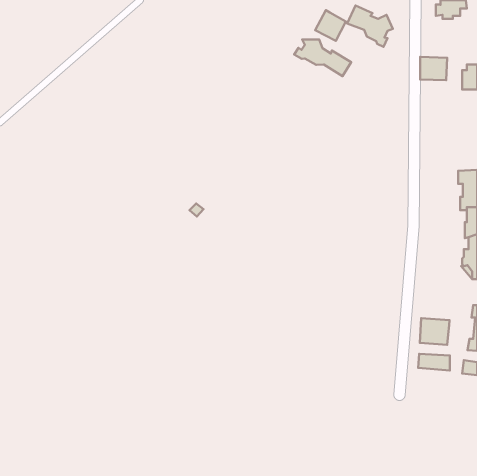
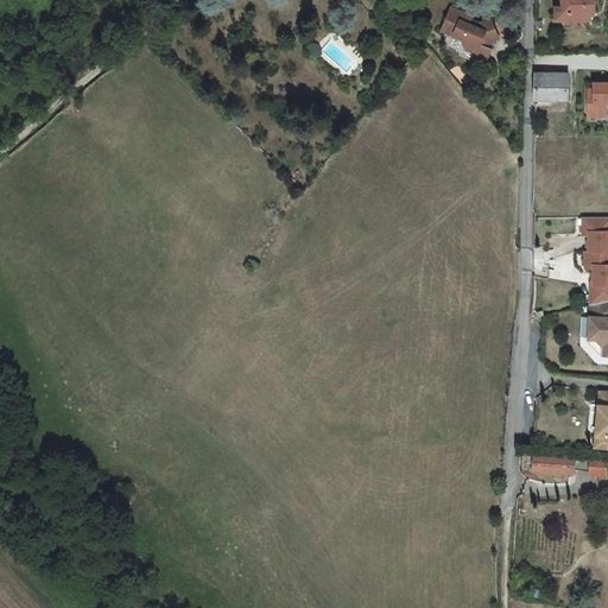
building: [315,10,346,41] -> none
building: [294,39,351,76] -> none
building: [420,318,450,345] -> none

